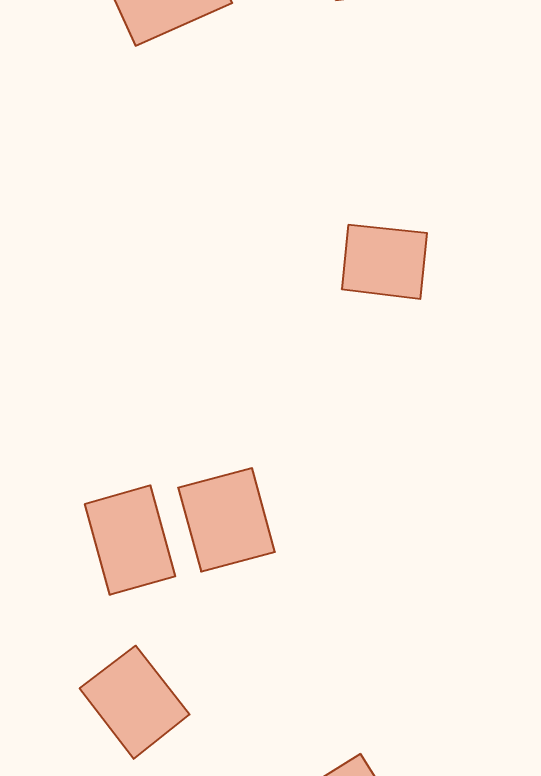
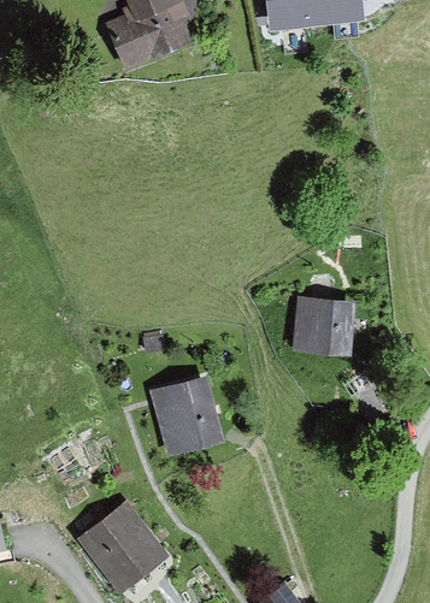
building: [342,225,427,299] -> [288,308,351,362]
building: [85,485,175,595] -> none

